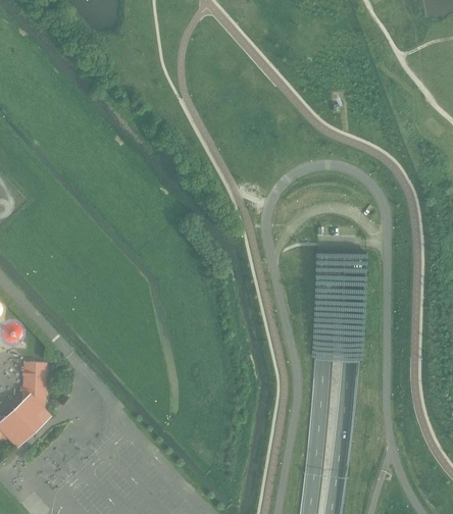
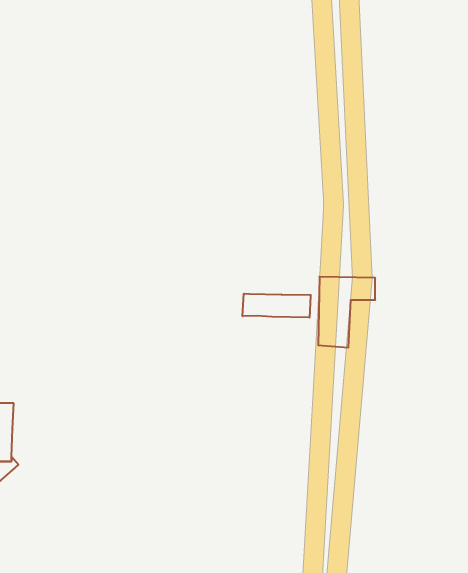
building: none -> [243,294,311,318]

